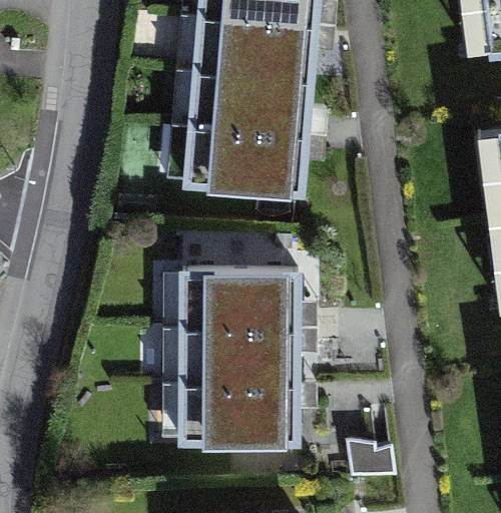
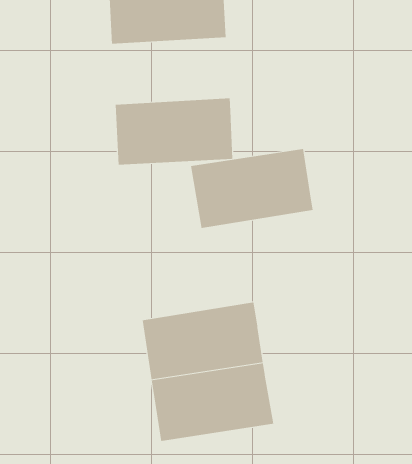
building: [198,76,311,142] -> none
building: [191,276,299,335] -> [190,148,313,228]

